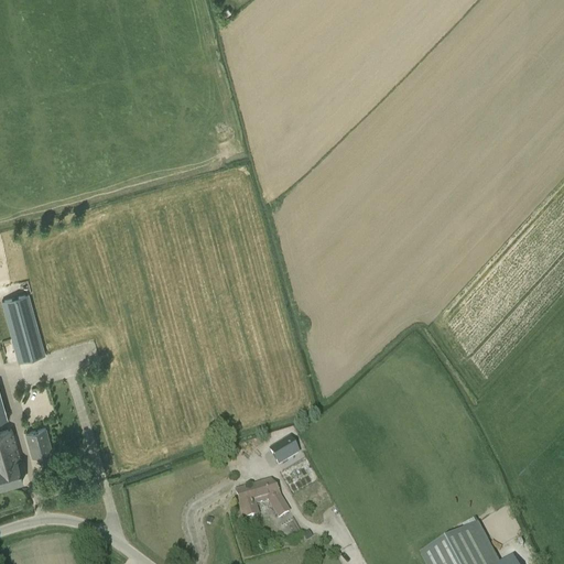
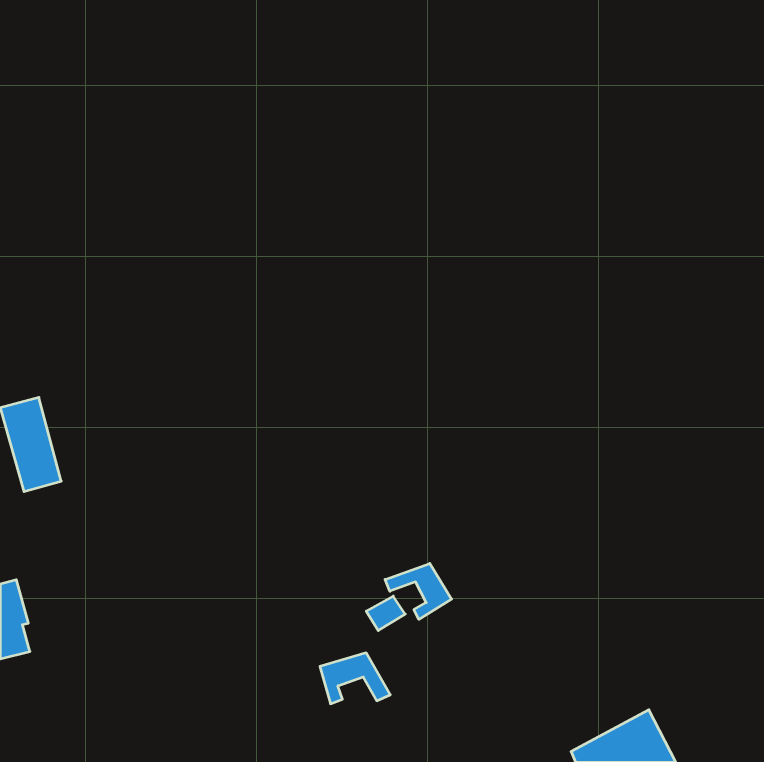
building: none -> [385,563,452,619]
building: [24,427,52,457] -> none

